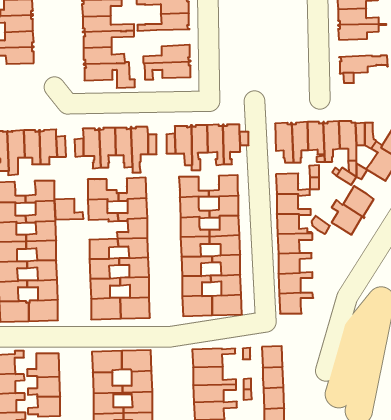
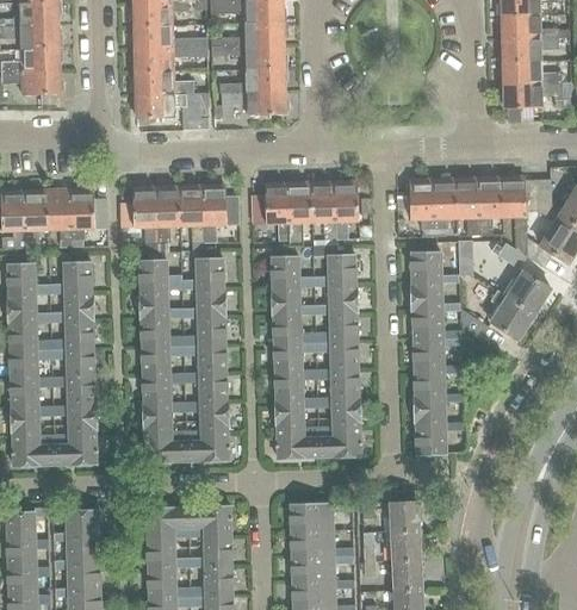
building: none -> [210,44,285,69]
building: none -> [500,58,559,85]
building: [55,199,84,220] -> [139,317,181,347]

